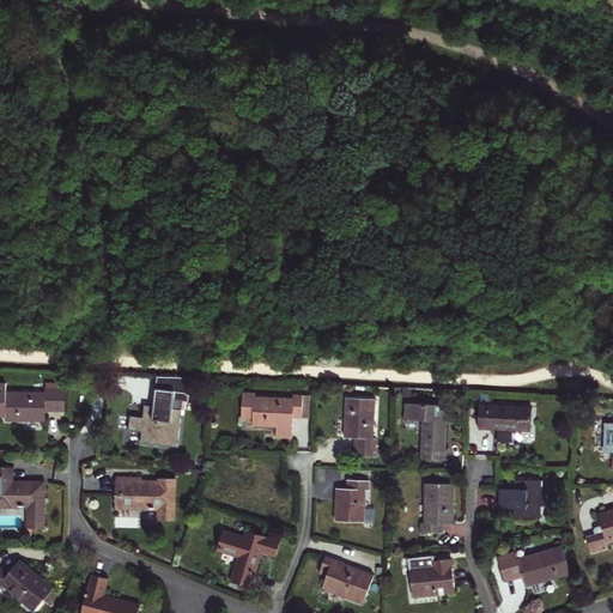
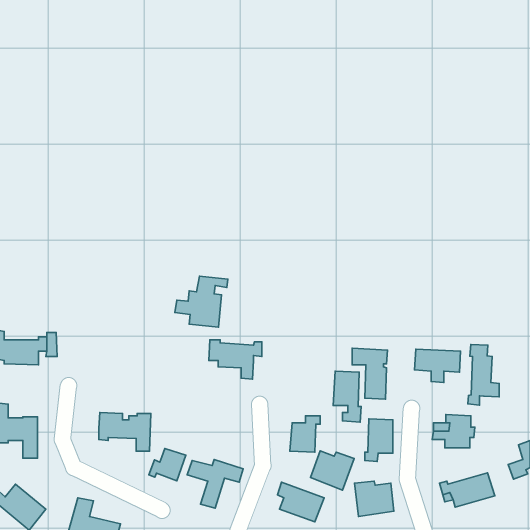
building: [127,388,188,447] -> [175,276,228,327]
building: [344,397,376,456] -> [333,371,361,422]
building: none -> [468,344,499,405]
building: none -> [149,448,186,481]
building: none -> [311,451,354,490]

